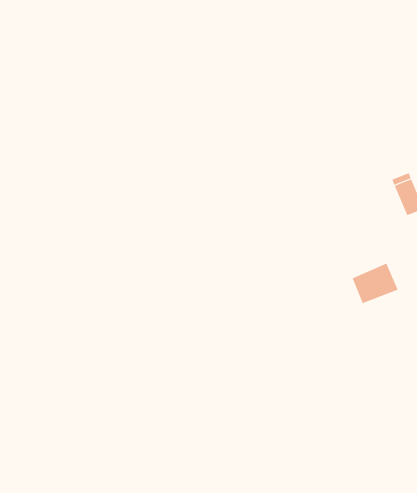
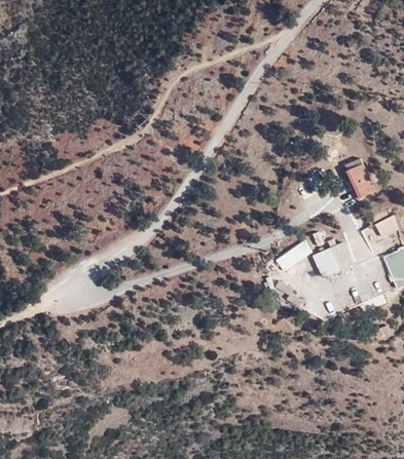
building: none -> [274,239,313,272]

